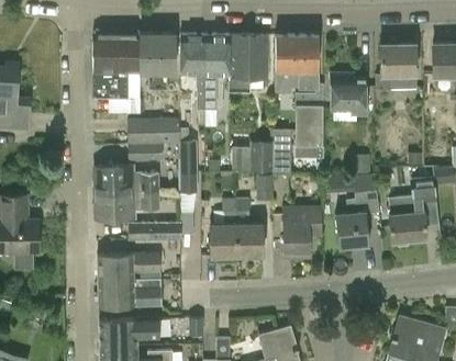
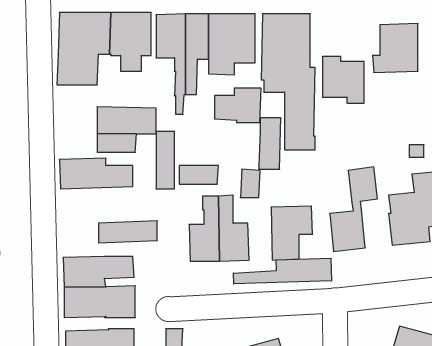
building: [232,140,274,171] -> [215,88,261,123]
building: [94,190,179,219] -> none
building: none -> [233,258,332,284]

